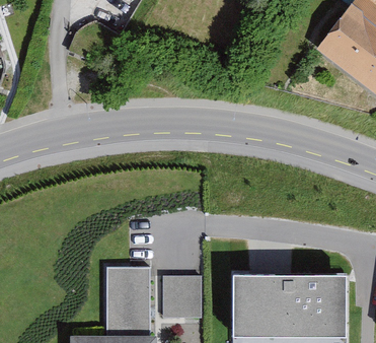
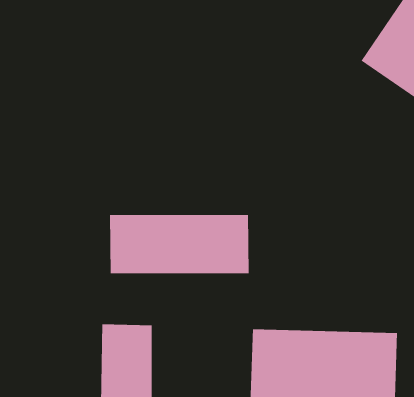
building: none -> [109,214,249,274]
building: [161,277,199,319] -> none

